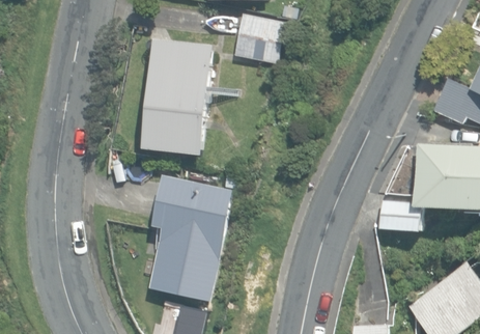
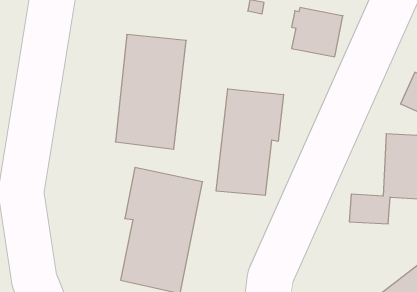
building: [232,13,284,63] -> [292,8,343,57]
building: none -> [216,89,283,195]

